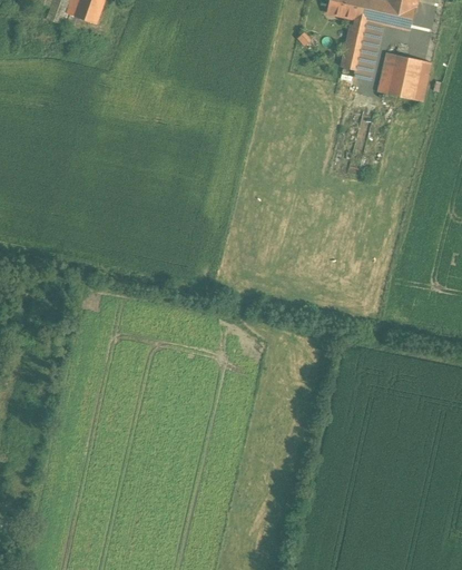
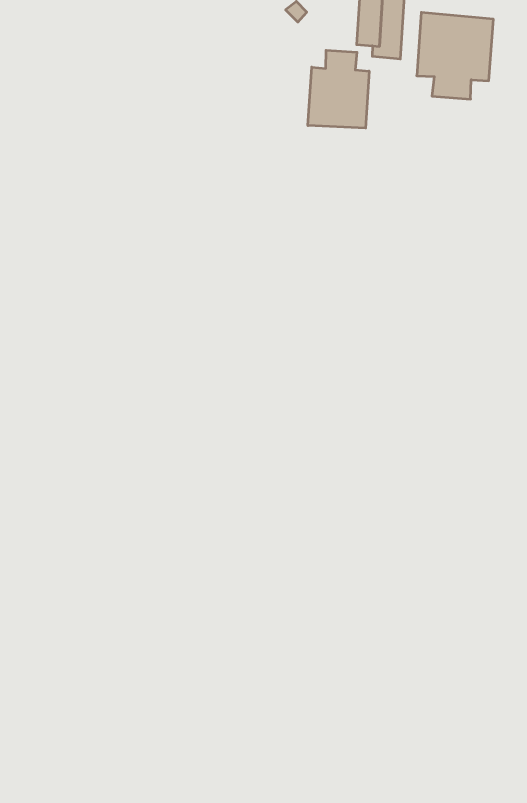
building: none -> [308,50,369,128]

